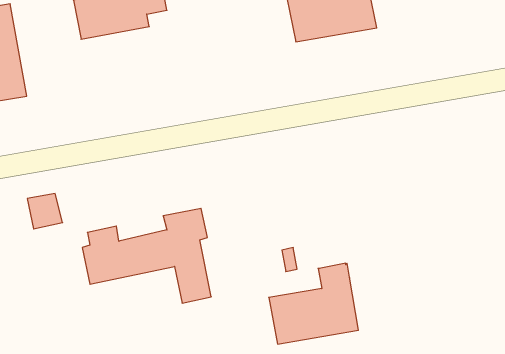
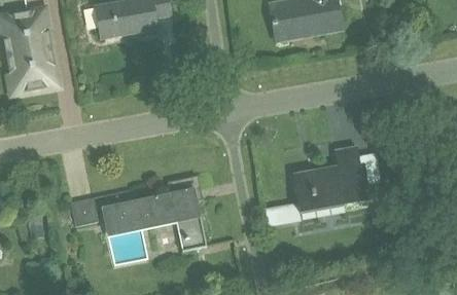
building: [27,194,63,229] -> [70,197,99,226]
building: [269,263,358,344] -> [293,146,366,212]

